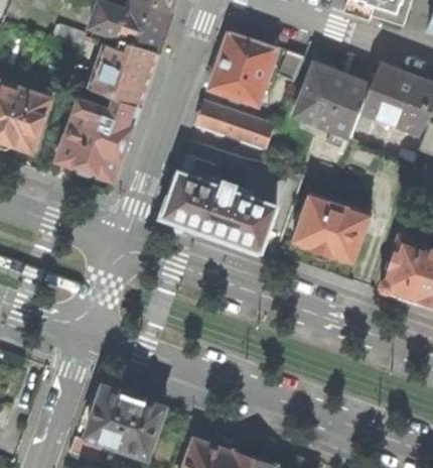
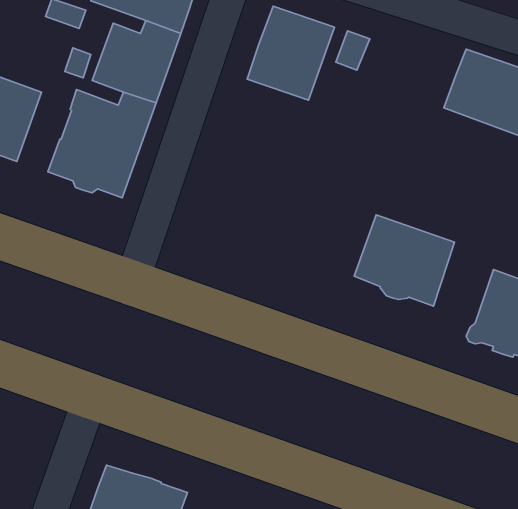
building: [294,65,371,136] -> none
building: [195,102,274,150] -> none
building: [164,141,302,249] -> none

